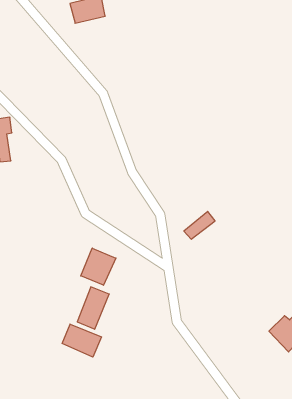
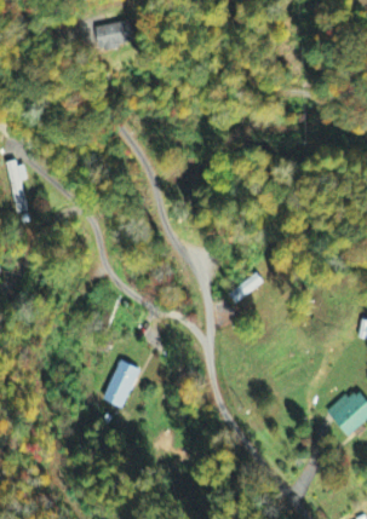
building: [81,248,116,285] -> none
building: [62,324,102,357] -> none

